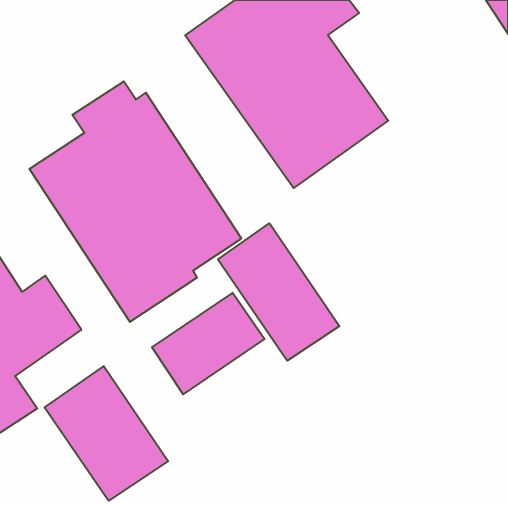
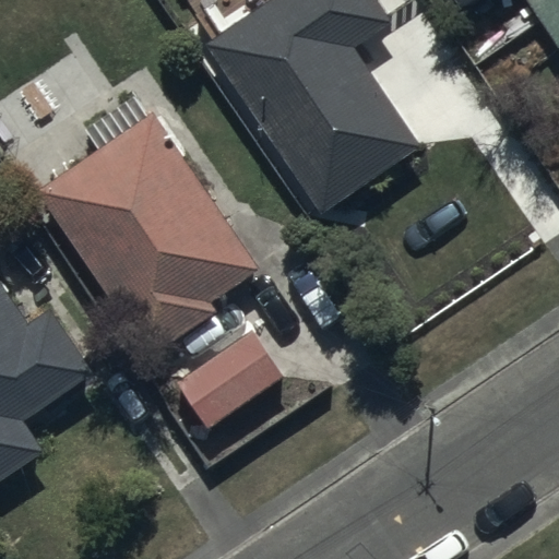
building: [218,223,339,361] -> none
building: [45,366,168,501] -> none

